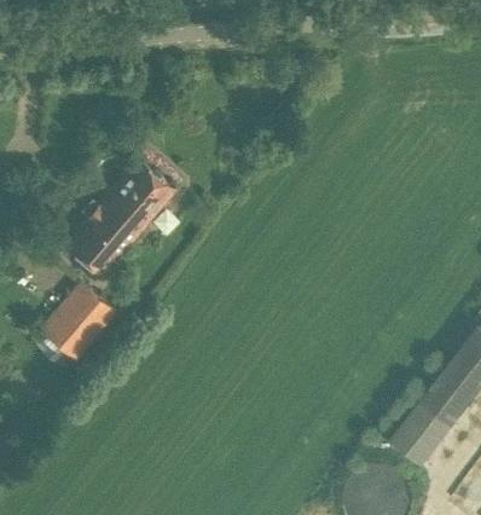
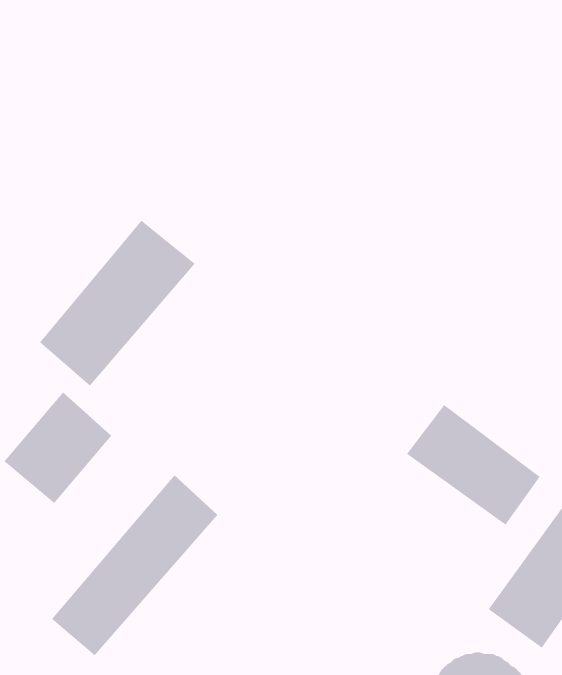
building: none -> [406,404,541,526]
building: none -> [51,474,218,656]

